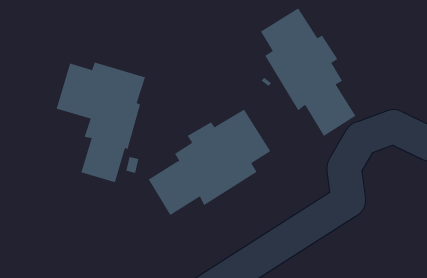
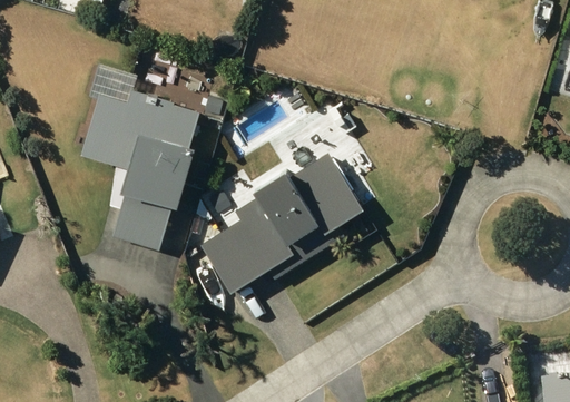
building: [260,7,356,137] -> none

